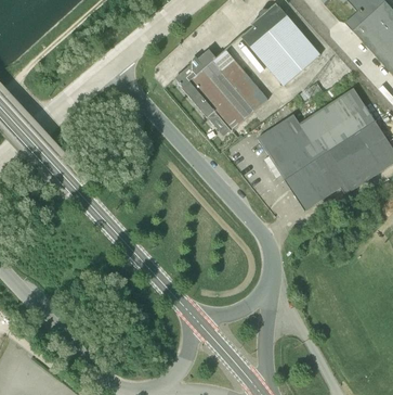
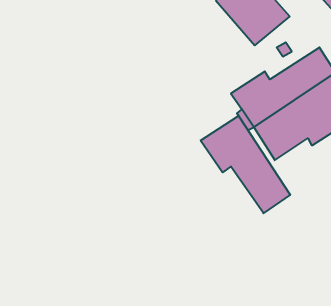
building: [175,50,268,137] -> none
building: none -> [201,116,290,213]

